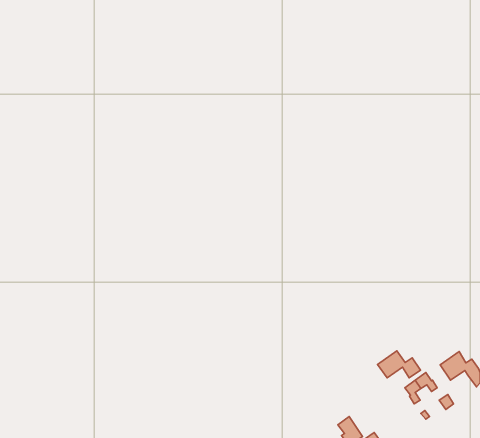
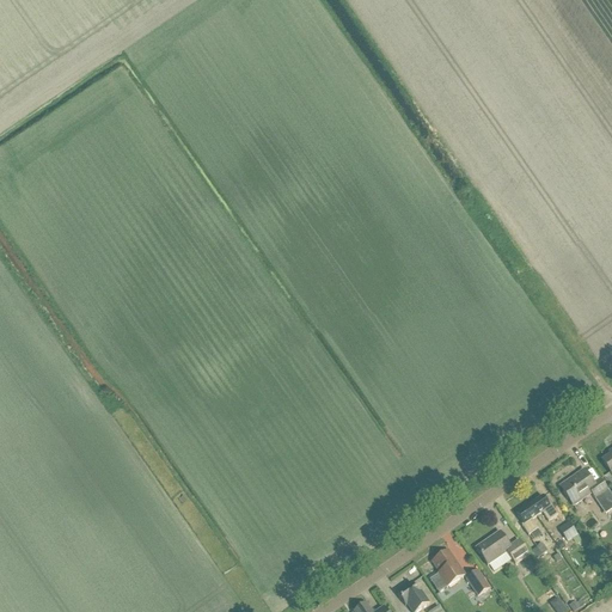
building: [378,351,421,378] -> [476,528,530,562]

